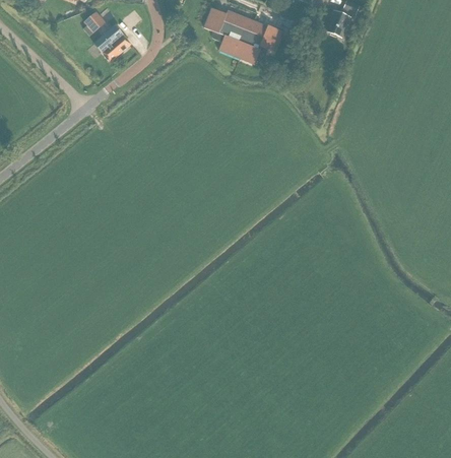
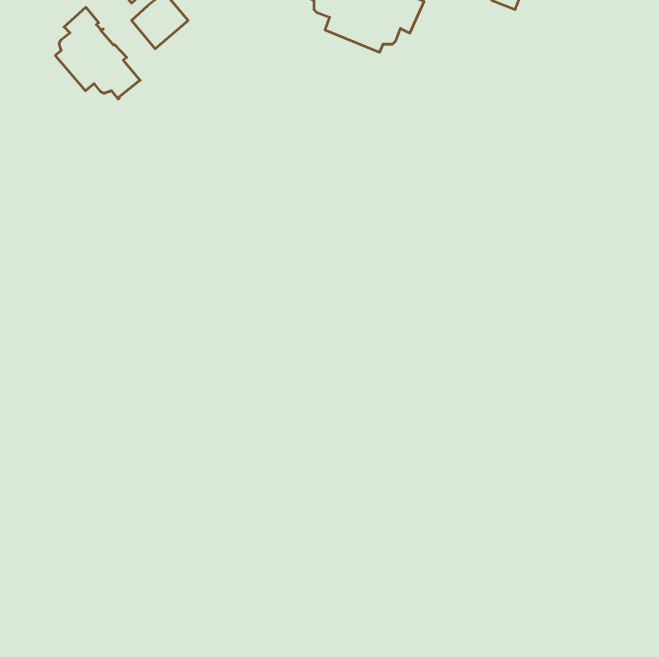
building: none -> [56,7,140,99]

